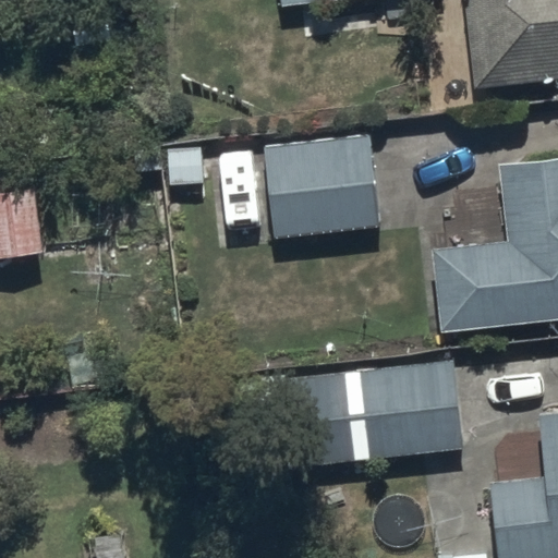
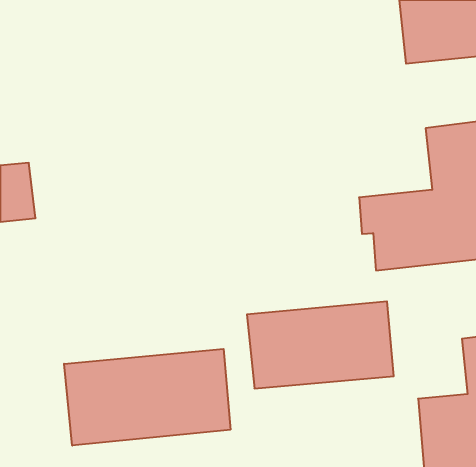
building: [264,135,380,236] -> none
building: none -> [64,349,230,446]

